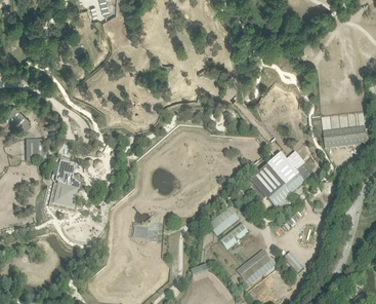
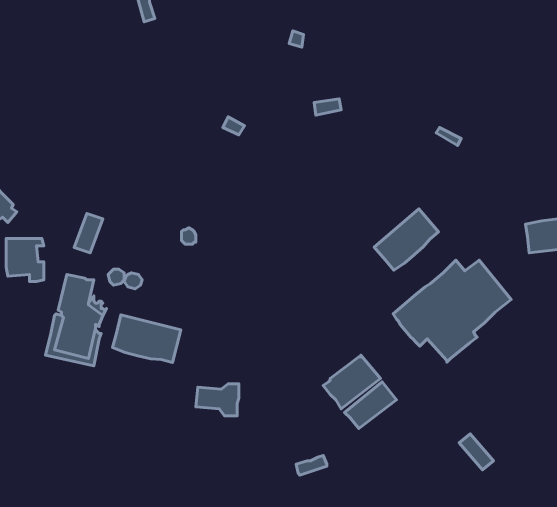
building: none -> [374,209,439,270]
building: none -> [113,315,181,362]
building: [237,249,275,284] -> none

